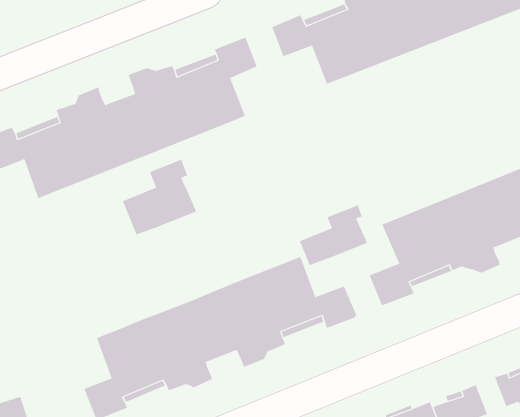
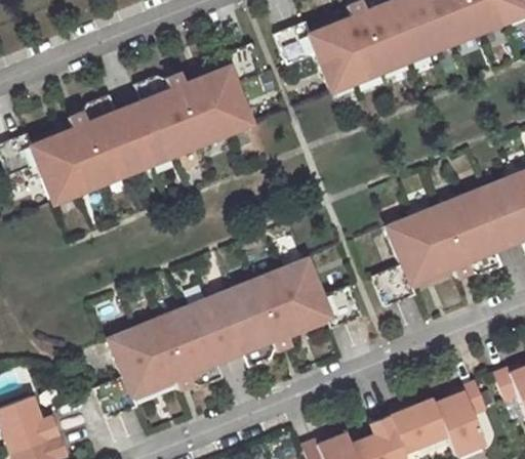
building: [122,159,197,235] -> none
building: [299,204,368,266] -> none

